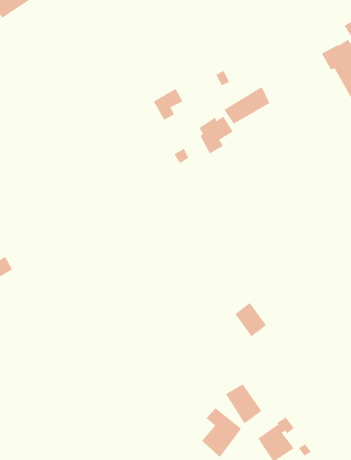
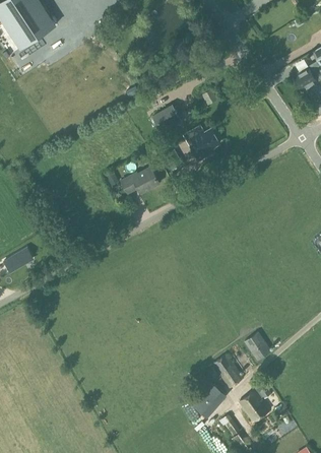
building: [224,86,270,125] -> none
building: none -> [121,169,159,195]
building: [234,302,267,337] -> [248,330,275,360]

